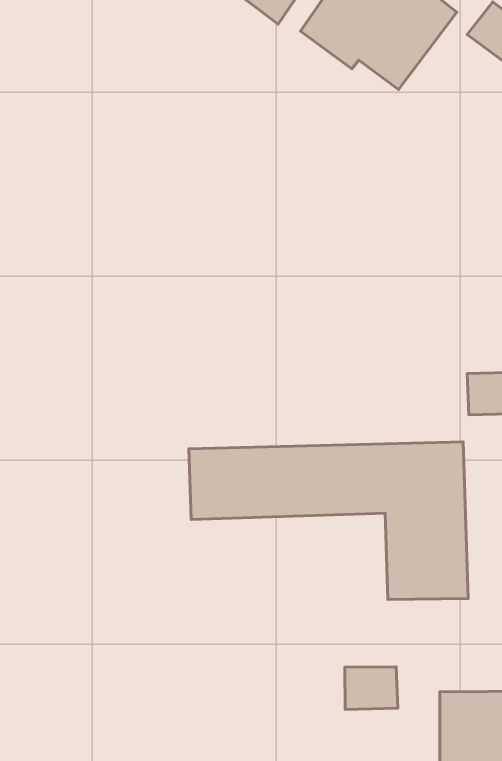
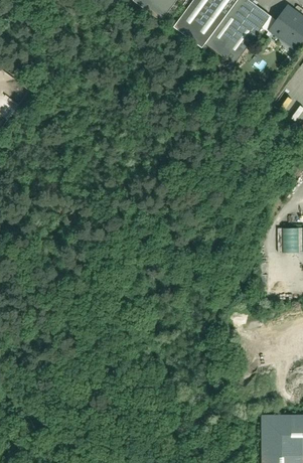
building: [189,442,468,599] -> none
building: [345,667,398,710] -> none

